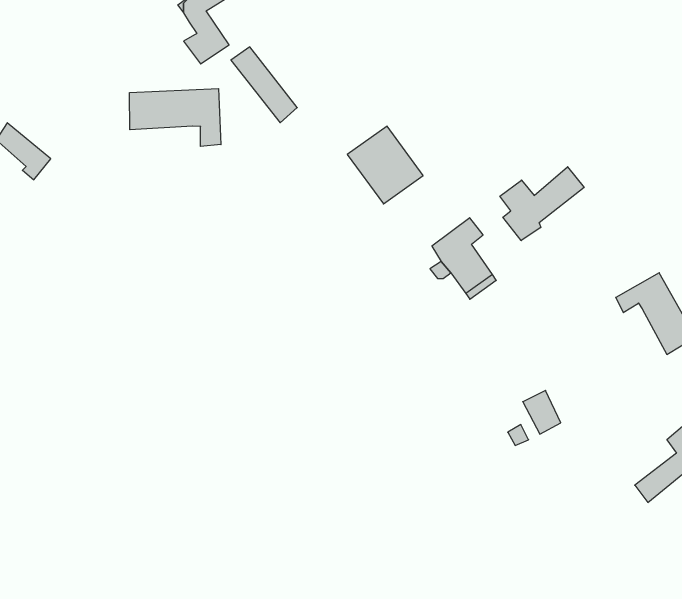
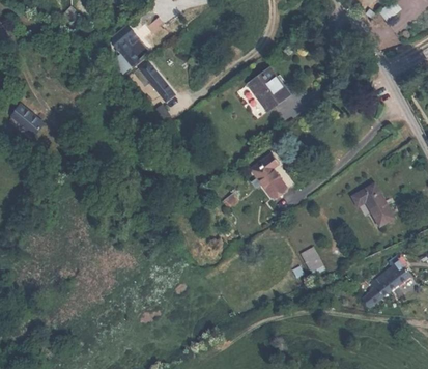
building: [130,89,221,146] -> none
building: [347,126,423,204] -> [249,67,290,110]
building: [500,167,584,241] -> none

